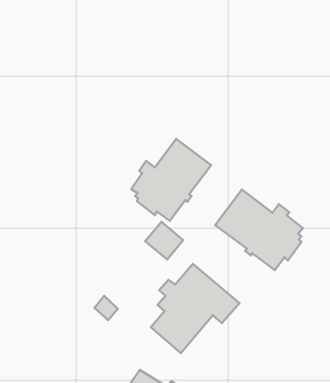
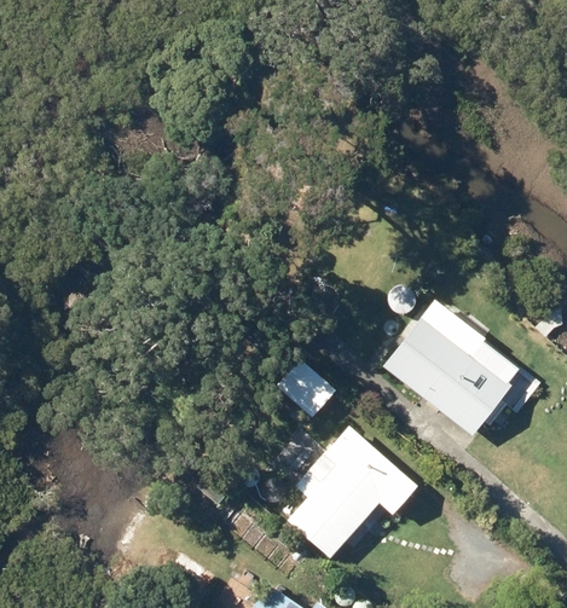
building: [131,139,211,221] -> none

